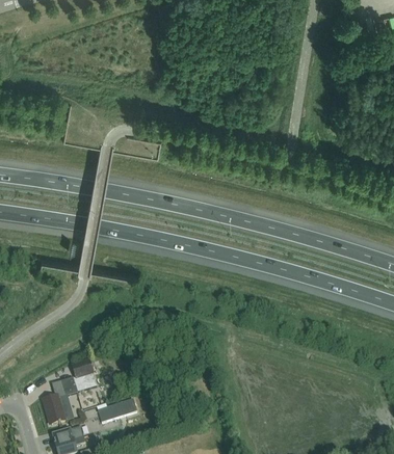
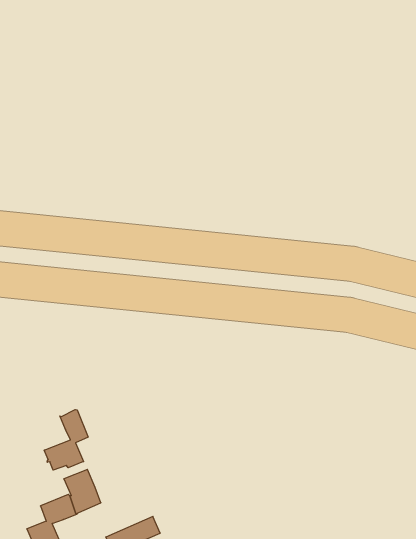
building: none -> [44,410,88,470]

